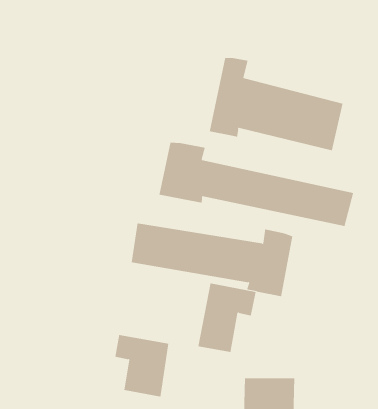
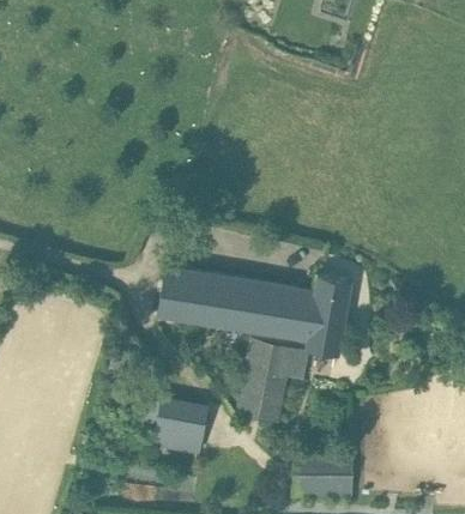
building: [209,57,343,151] -> none
building: [159,142,354,227] -> none

